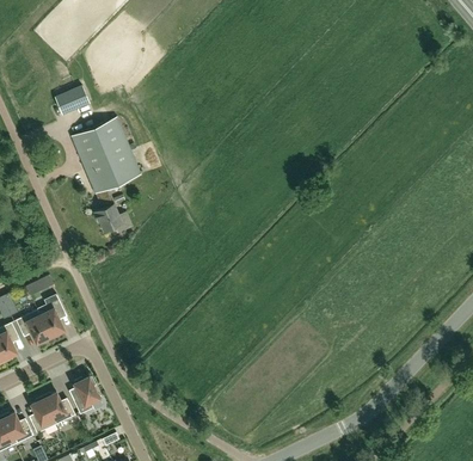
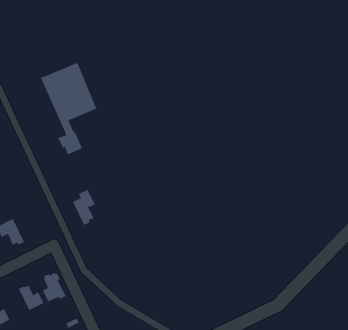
building: [55,86,90,115] -> none
building: [37,294,66,339] -> [72,189,95,226]
building: [30,397,56,434] -> none

